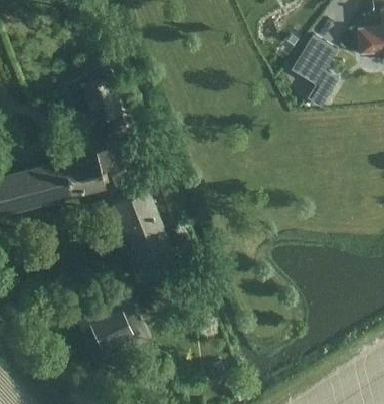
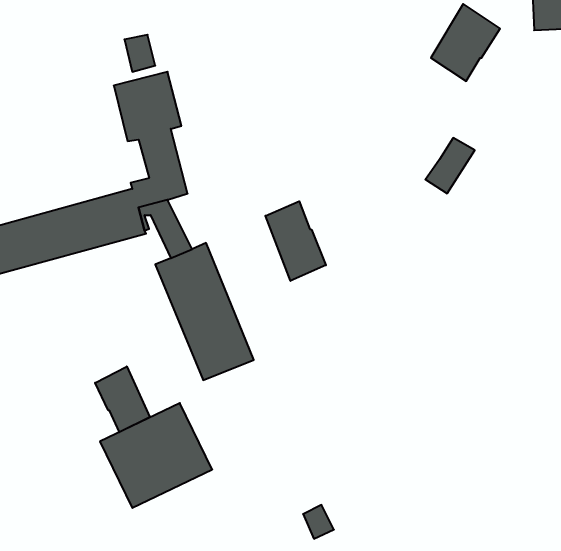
building: [308,71,340,108] -> [425,138,475,193]
building: none -> [265,201,326,281]
building: none -> [95,366,150,432]

